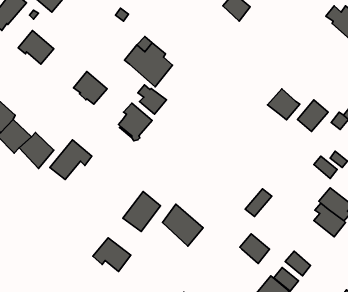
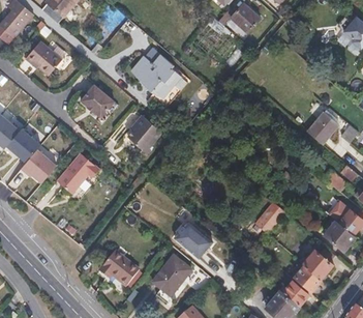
building: [138,85,167,114] -> none
building: [268,89,300,120] -> none
building: [123,192,161,232] -> [152,255,190,295]
building: [240,234,270,263] -> [301,250,331,280]

